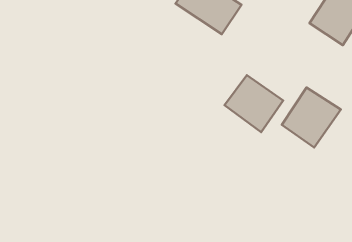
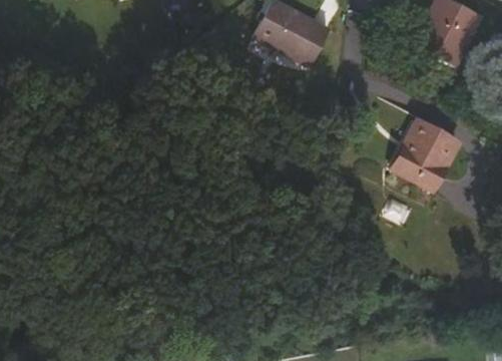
building: [225,75,283,132] -> none

